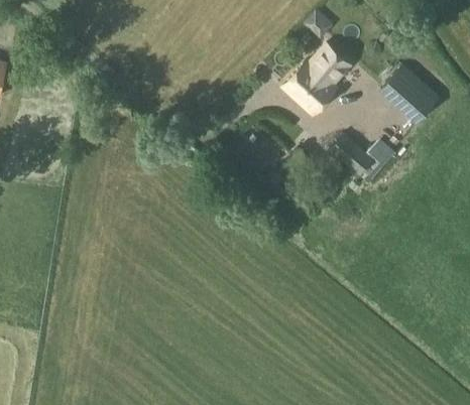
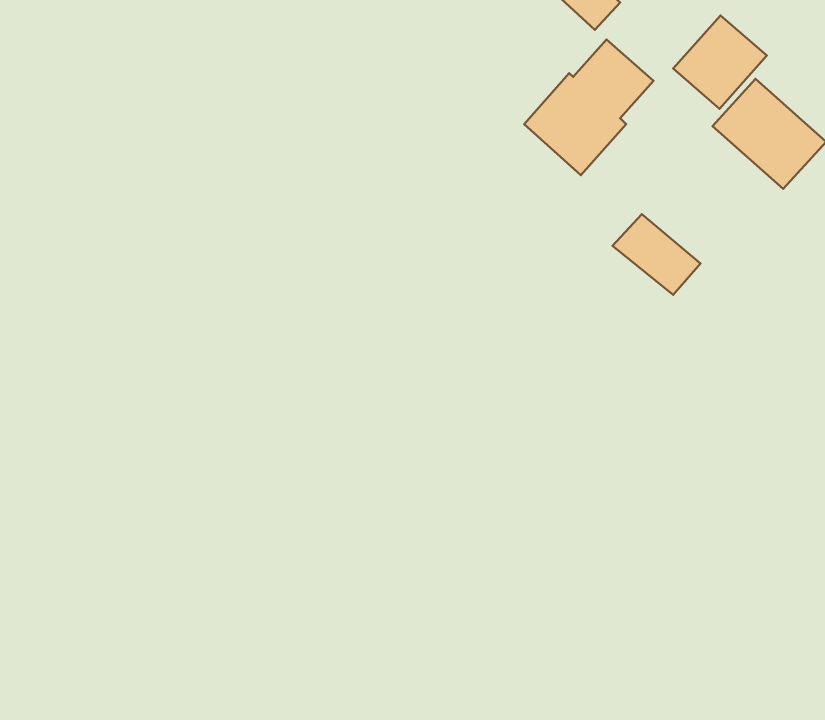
building: none -> [673,15,767,109]

